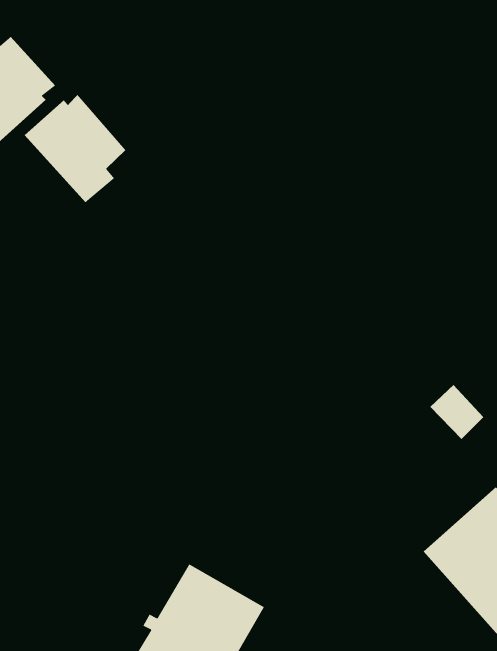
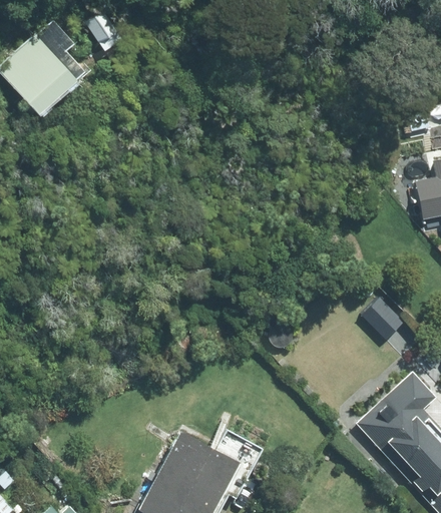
building: [24,94,126,203] -> none

